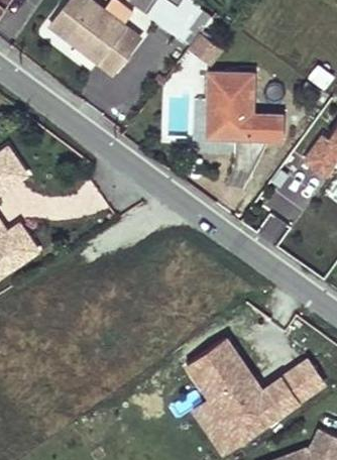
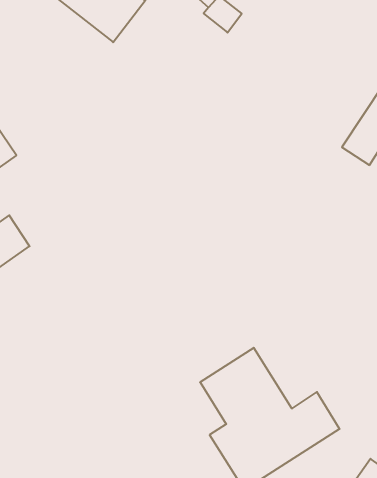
building: [205,77,270,142] -> none
building: [283,356,328,404] -> none

